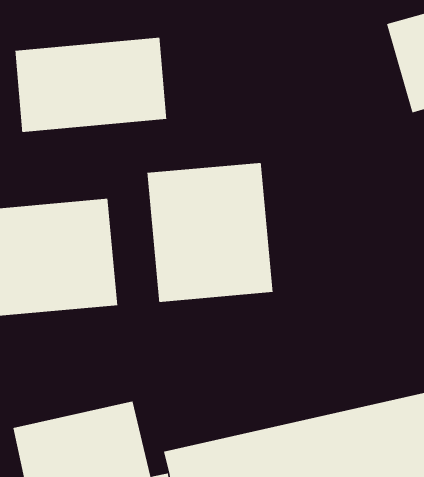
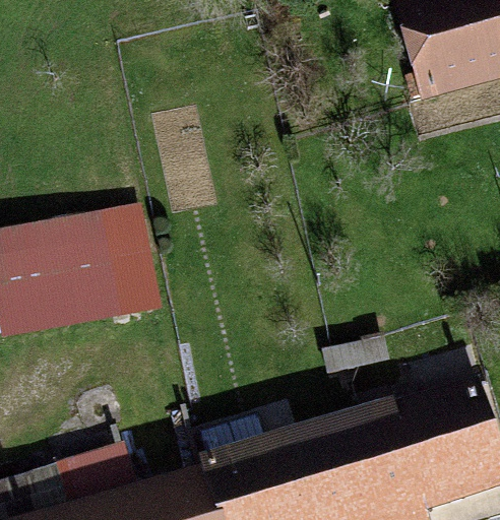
building: [15,37,167,133] -> none
building: [147,162,273,303] -> none

